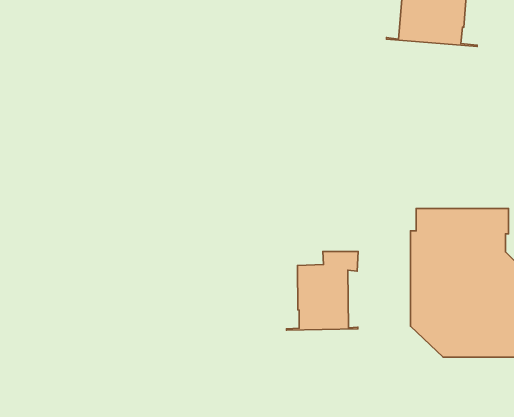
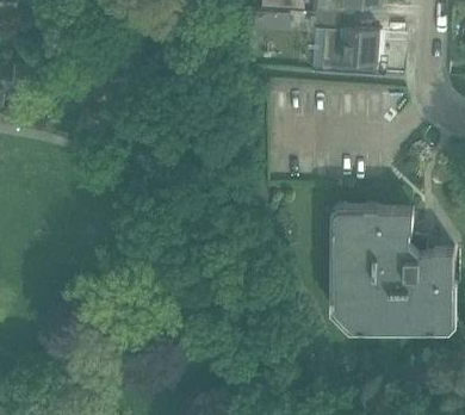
building: [286,251,358,330] -> none

